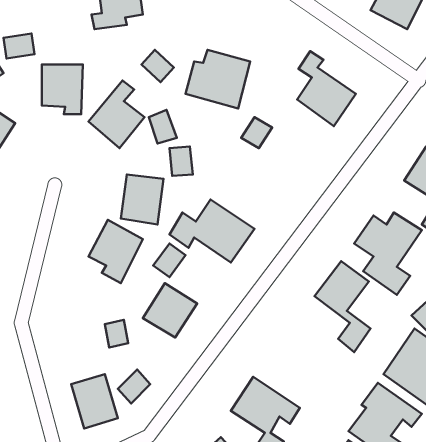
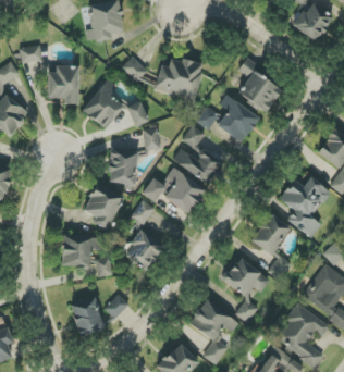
building: none -> [217,95,259,142]
building: none -> [173,125,222,184]
building: none -> [61,235,102,268]
building: none -> [223,258,270,323]

